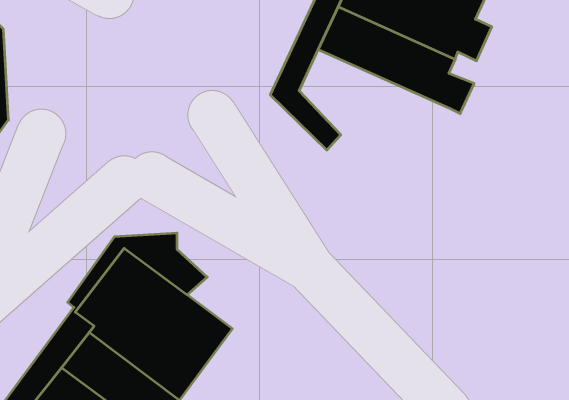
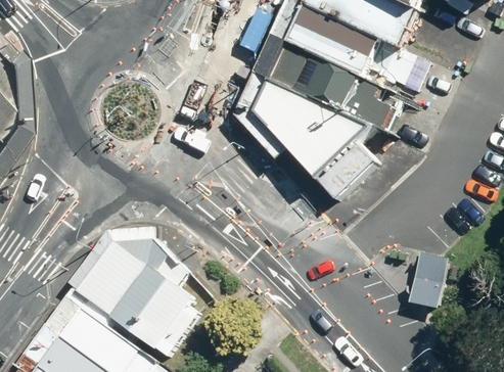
building: none -> [256,78,378,201]
building: none -> [406,253,447,309]

